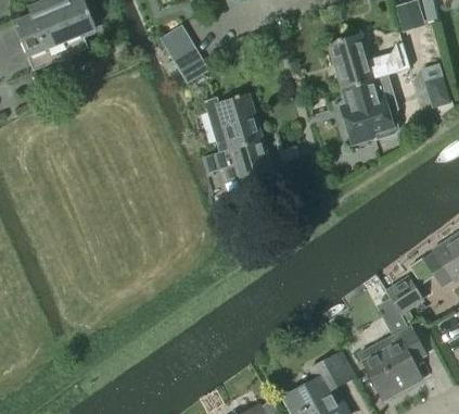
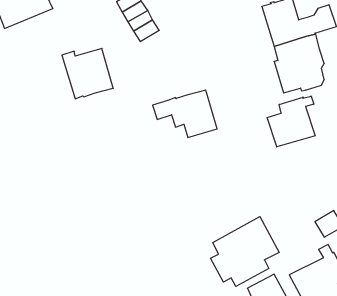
building: [204,95,263,152] -> [62,48,113,99]
building: none -> [267,96,315,147]
building: none -> [211,217,279,286]

